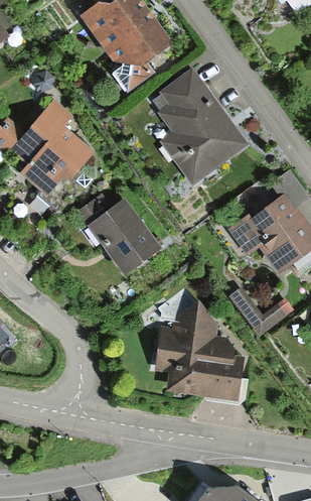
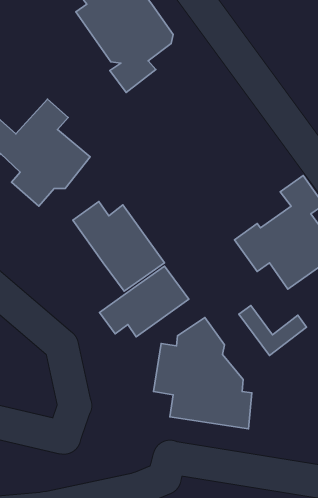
building: [160,69,248,182] -> none
building: none -> [100,266,189,337]

